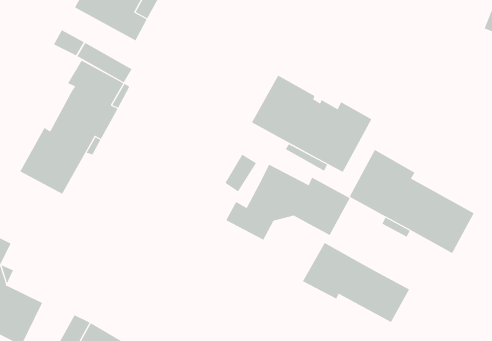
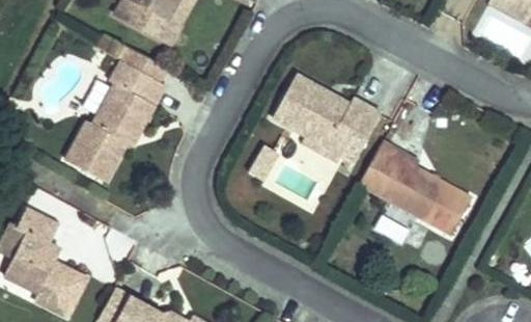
building: [226,164,351,241] -> none
building: [302,242,410,323] -> none

